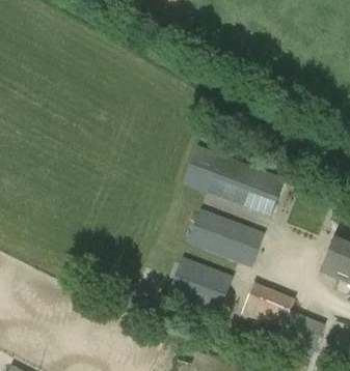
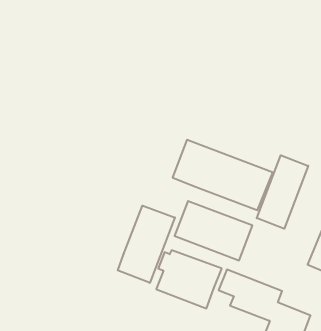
building: none -> [257,155,308,229]
building: none -> [118,206,175,283]

